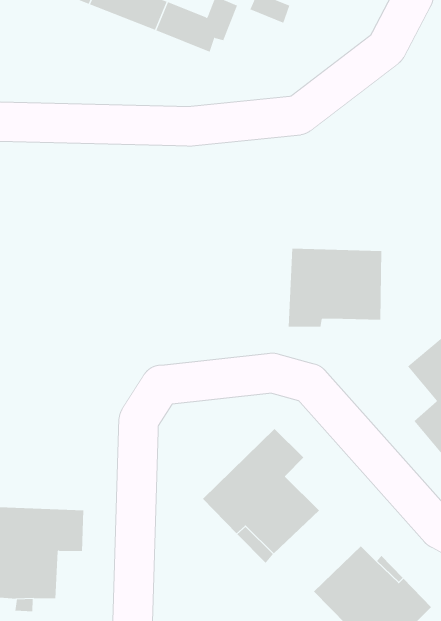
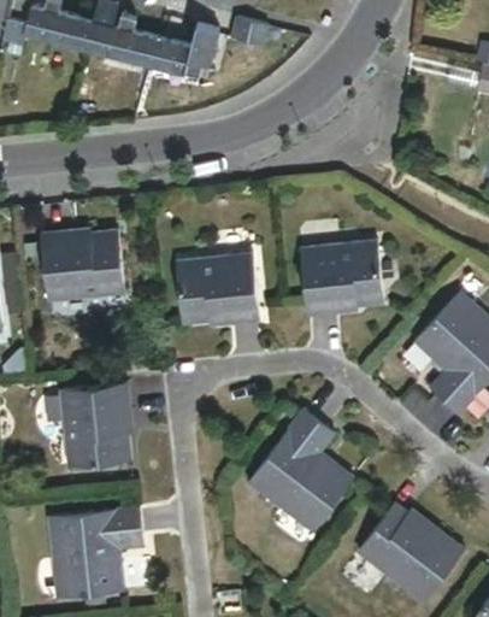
building: none -> [41,229,124,300]
building: none -> [177,253,260,325]
building: none -> [59,381,132,468]

